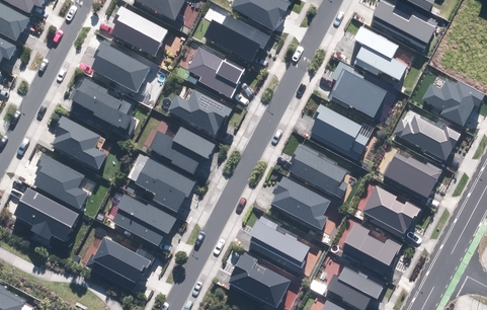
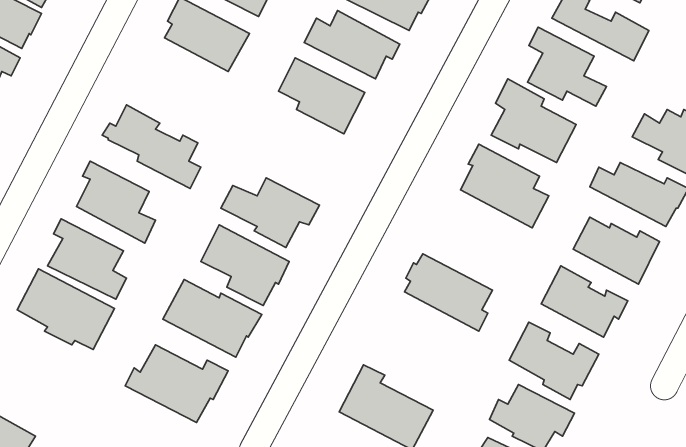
building: [91,43,149,92] -> none
building: [169,92,231,135] -> none
building: [290,144,347,198] -> none
building: [249,216,310,268] -> none

